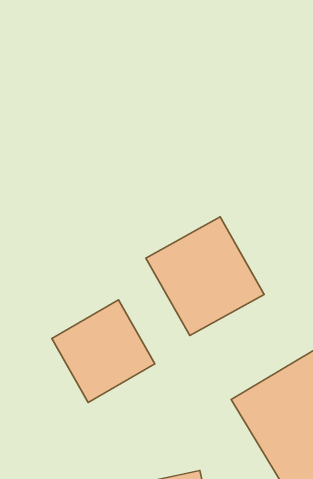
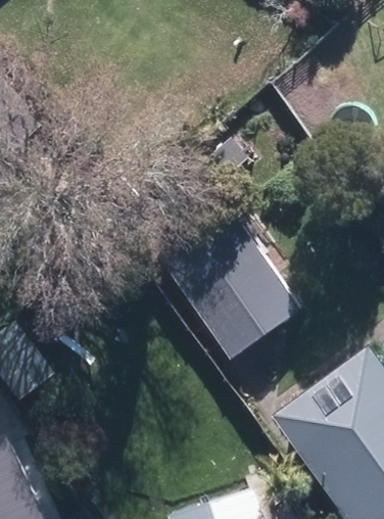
building: [52,300,155,403] -> none

